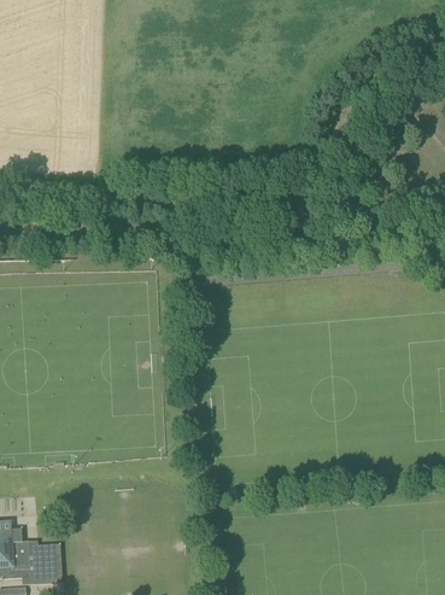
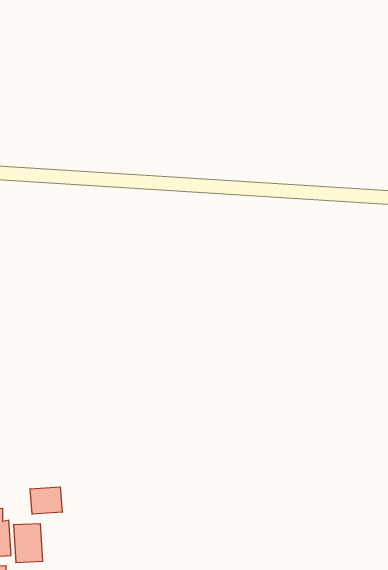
building: none -> [30,487,62,514]

